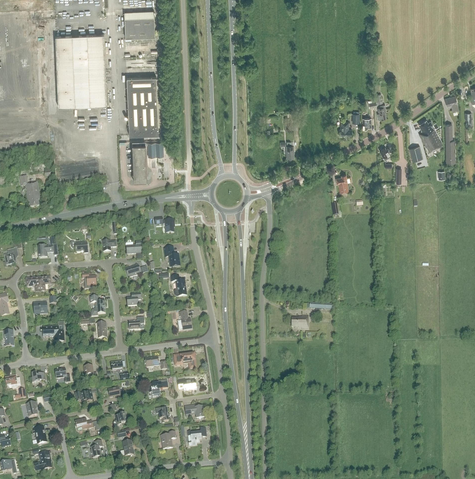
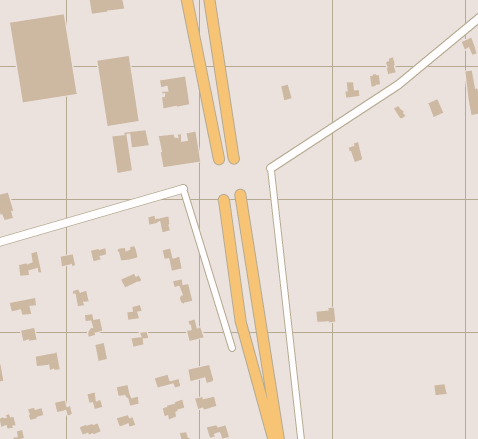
building: none -> [159,76,190,109]
building: [418,119,441,151] -> none
building: none -> [158,131,201,168]

